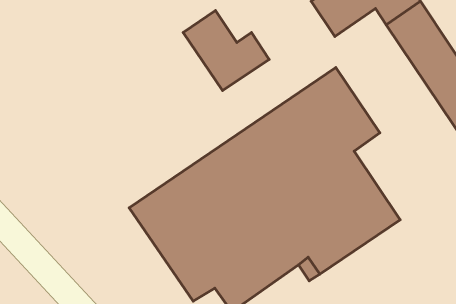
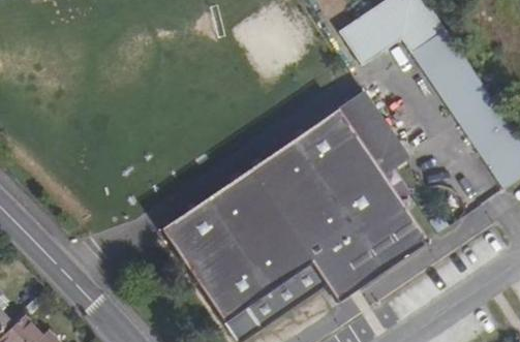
building: [183,11,269,91] -> none

